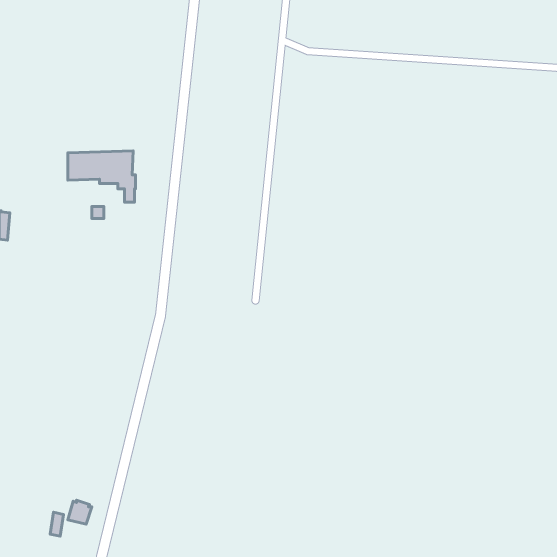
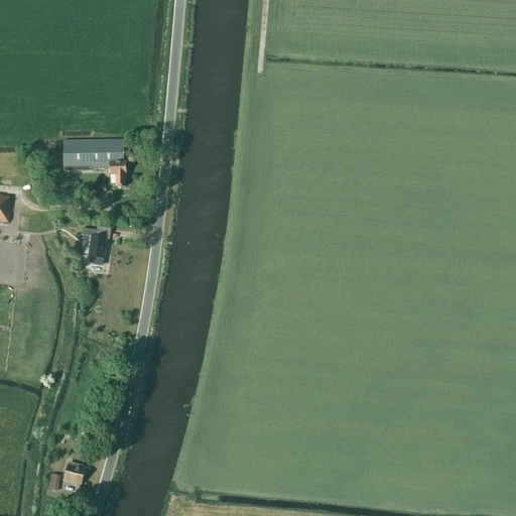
building: none -> [81,226,110,265]

